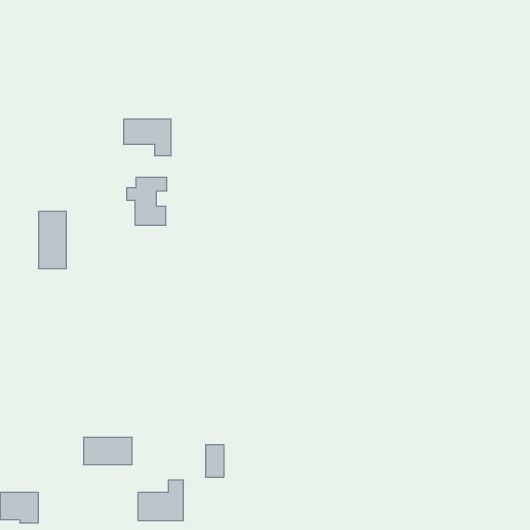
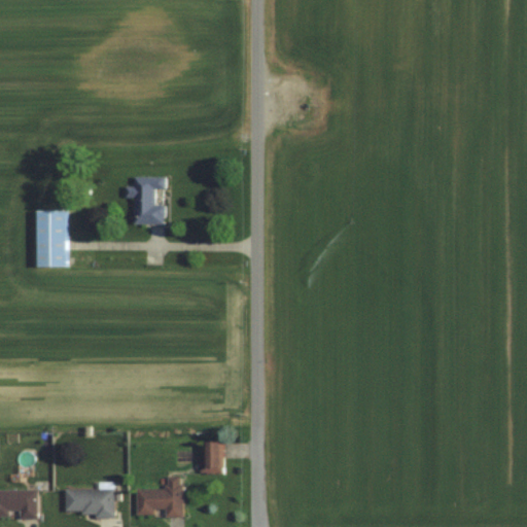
building: [124,119,171,156] -> none
building: [83,437,132,464] -> [66,489,114,516]

